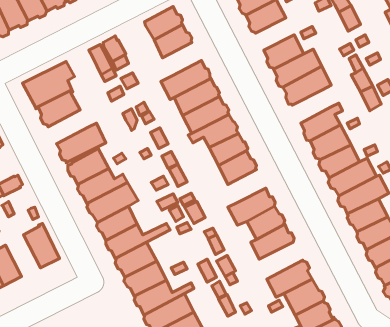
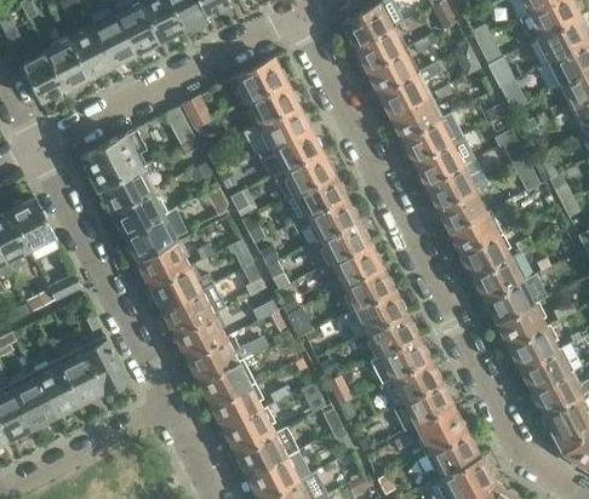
building: none -> [378,62,441,114]
building: none -> [245,104,309,147]
building: none -> [425,165,475,207]
building: none -> [113,190,165,234]
building: none -> [343,266,391,309]
building: none -> [58,350,103,403]
building: none -> [379,360,440,407]

